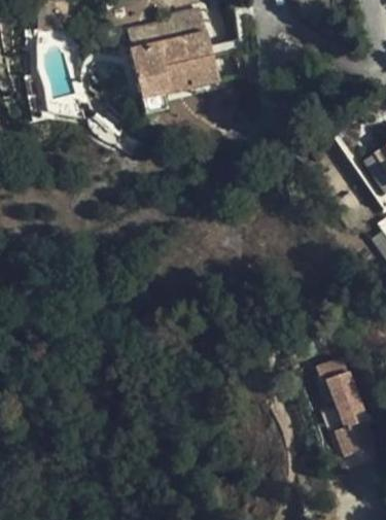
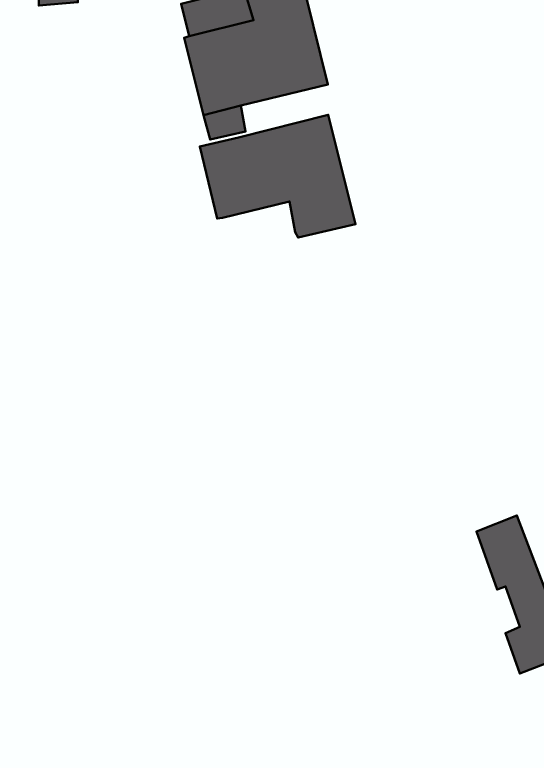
building: none -> [200,115,355,237]

